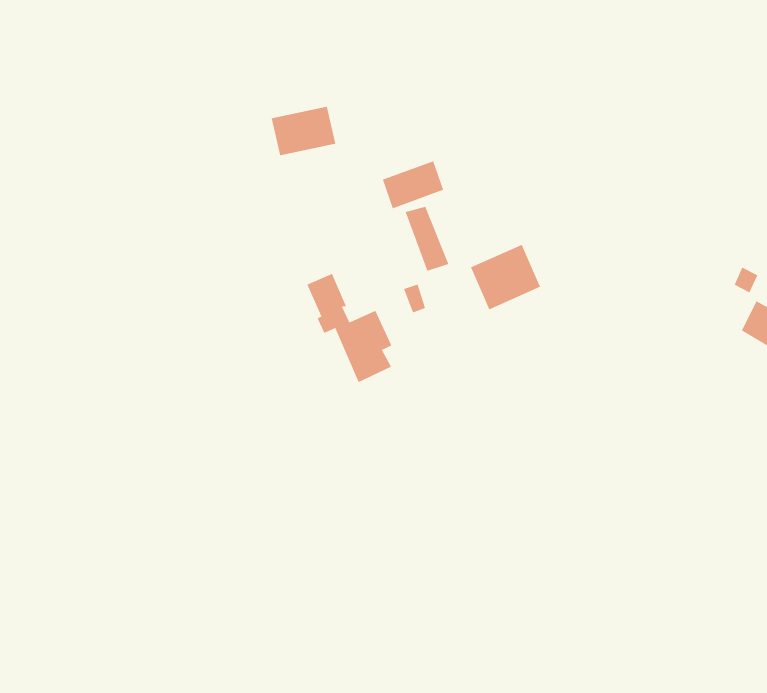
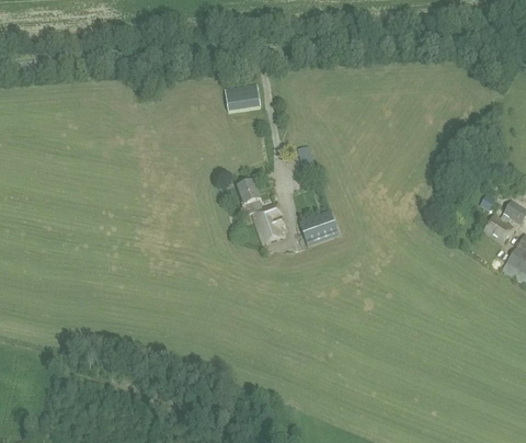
building: [382,161,444,209] -> none
building: [470,244,541,310] -> [299,208,339,245]

